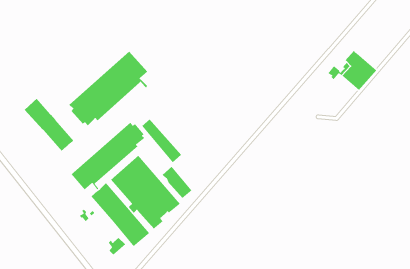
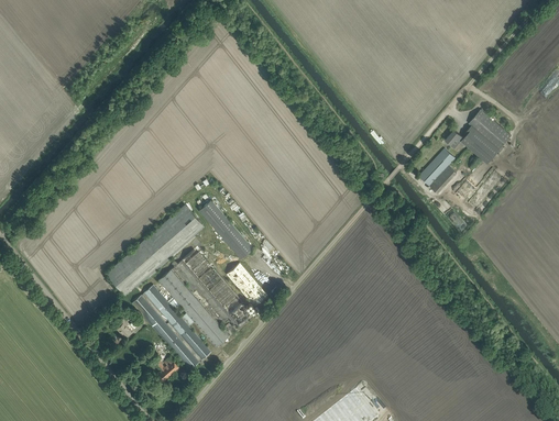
building: [69,51,148,127] -> none
building: none -> [418,149,456,191]
building: [24,98,74,152] -> none

